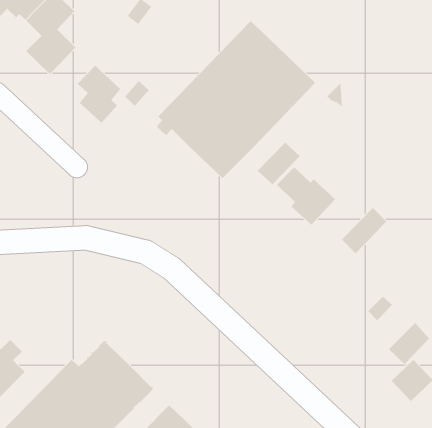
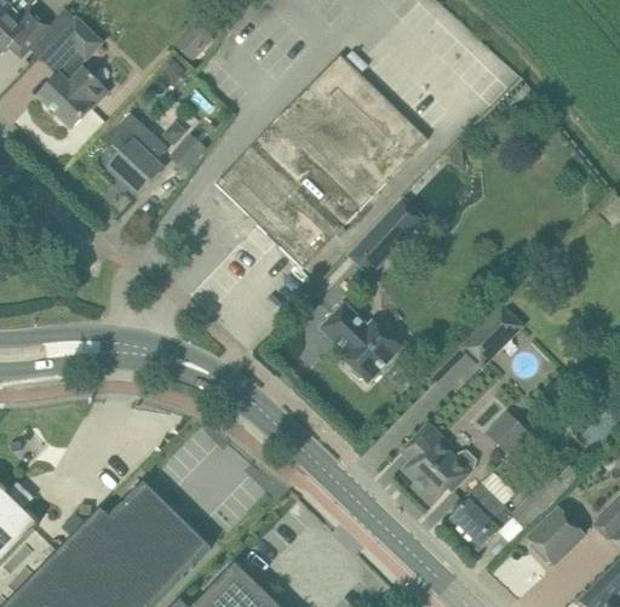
building: [276,167,336,225] -> [320,303,400,382]
building: none -> [400,423,473,504]
building: none -> [447,473,512,550]

